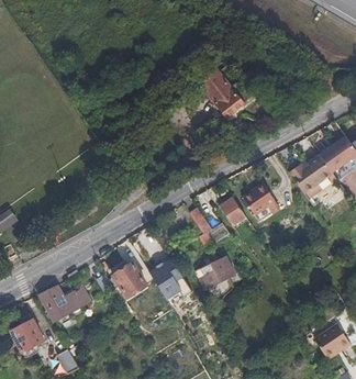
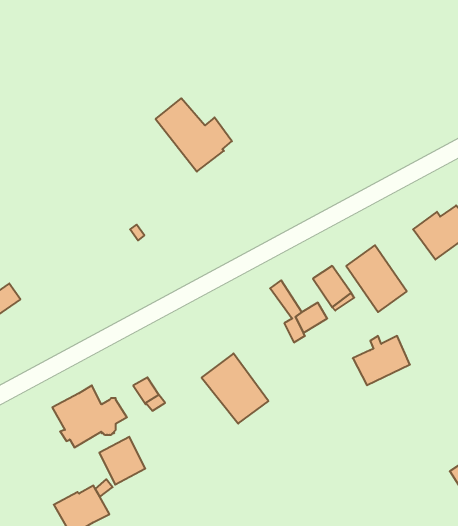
building: [197,67,249,118] -> [156,98,232,172]
building: [193,257,233,291] -> [353,336,410,385]
building: [112,261,147,298] -> none
building: [11,319,43,352] -> [99,437,145,485]

